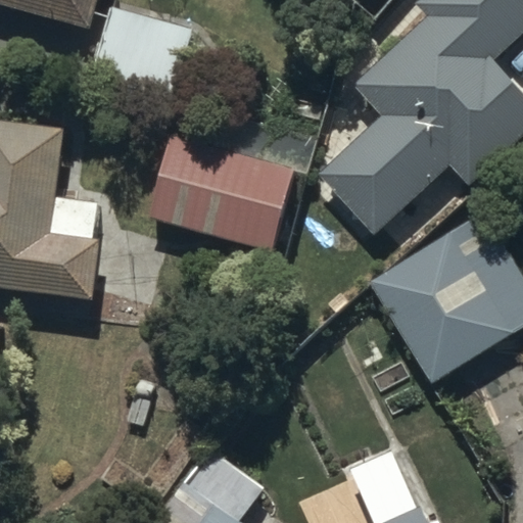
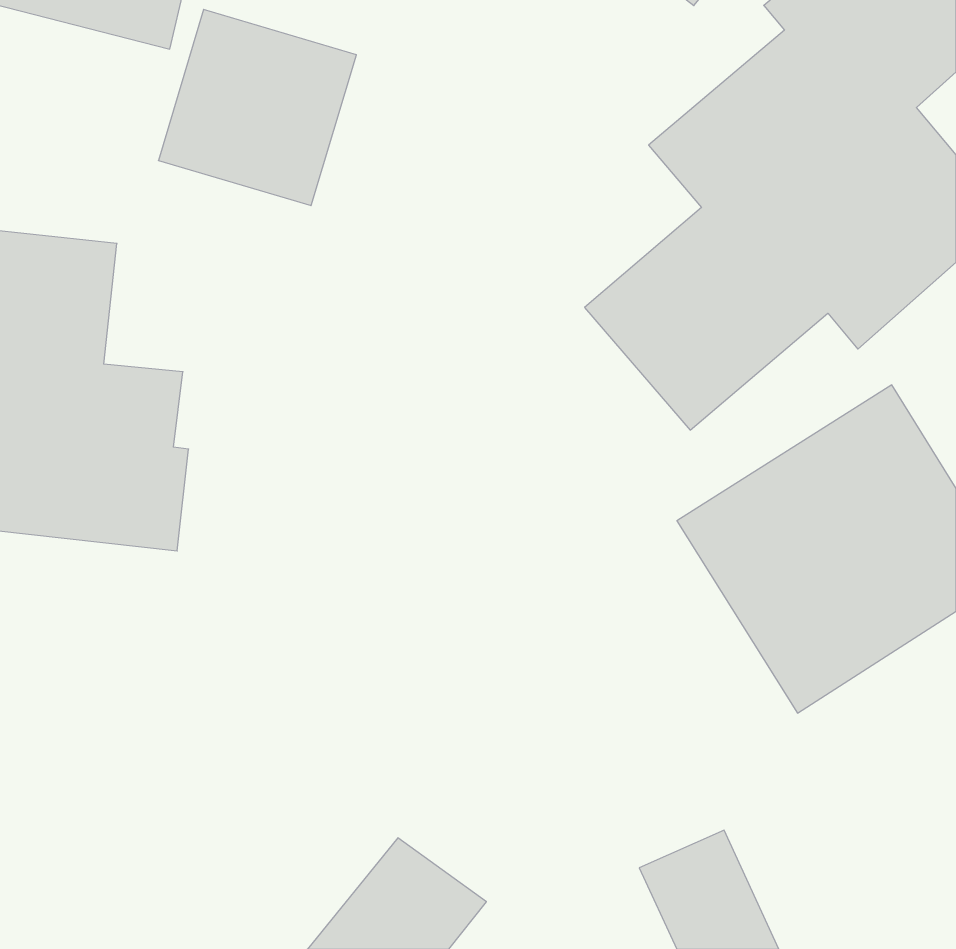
building: [142,128,298,259] -> none

